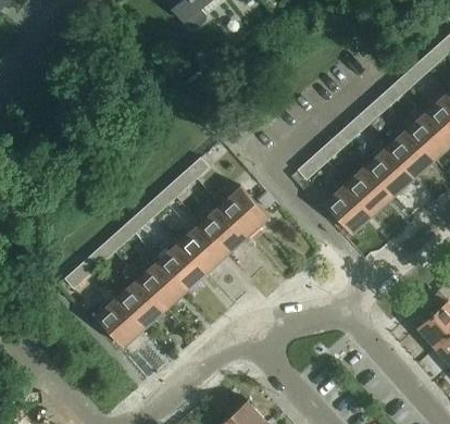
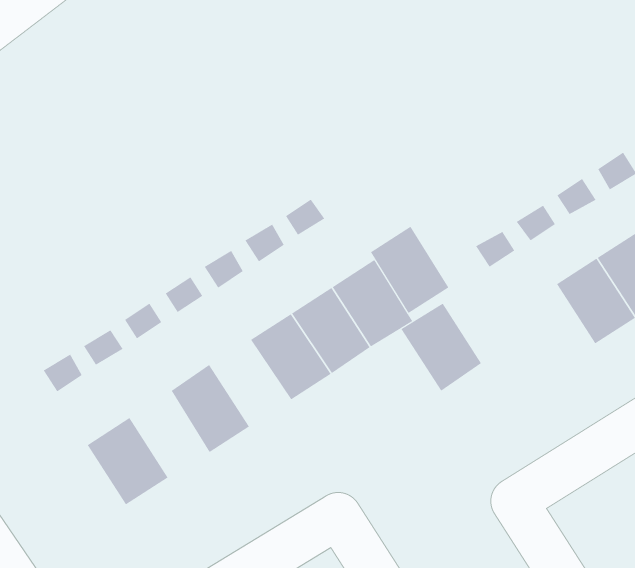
building: none -> [370,226,449,314]
building: [324,184,373,234] -> [400,303,482,391]
building: [158,242,207,291] -> none
building: [117,278,165,327] -> none

